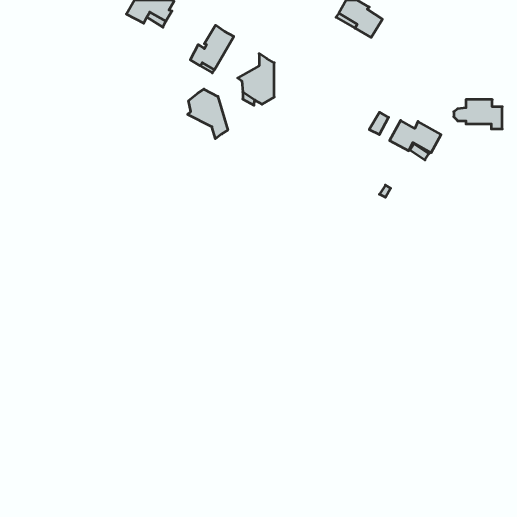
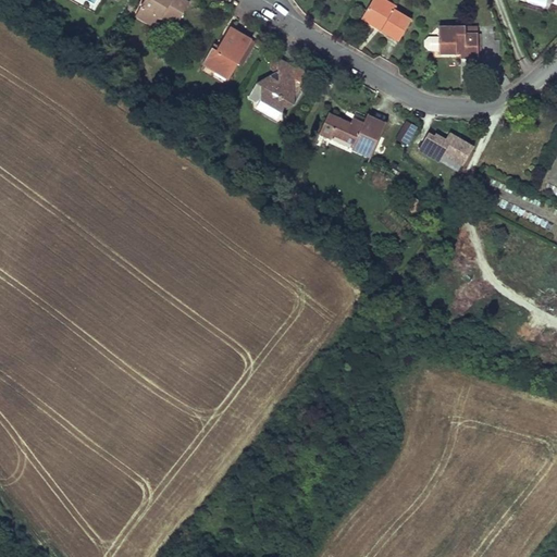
building: [188,89,228,139] -> none
building: [454,100,502,129] -> [425,26,478,58]
building: none -> [320,113,385,157]

